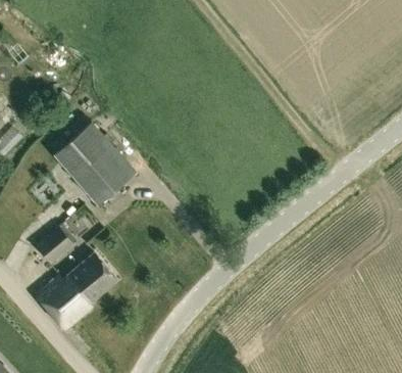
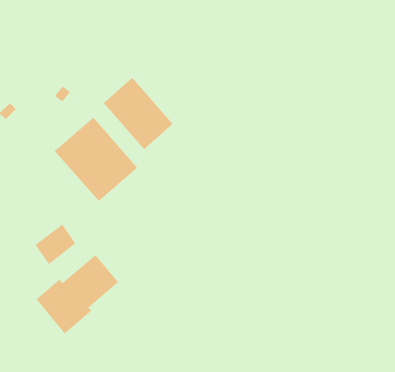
building: none -> [103,77,173,150]

